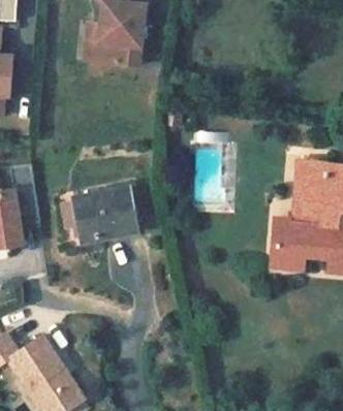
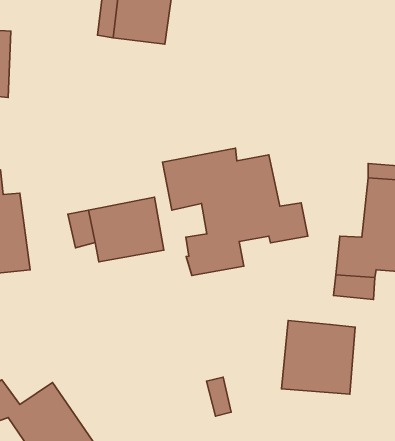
building: none -> [163,148,308,275]
building: none -> [281,320,355,394]

